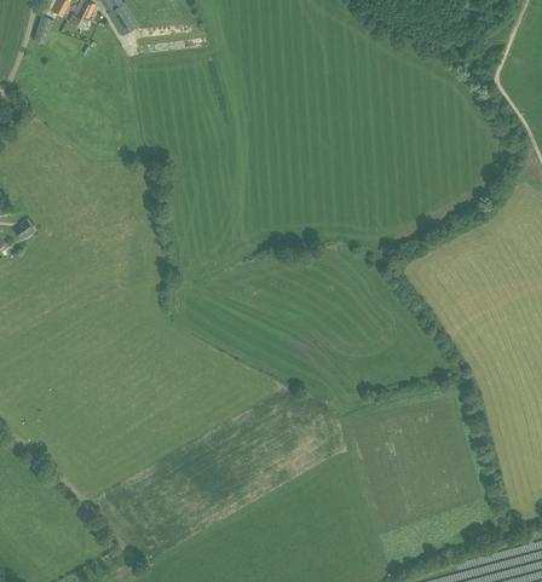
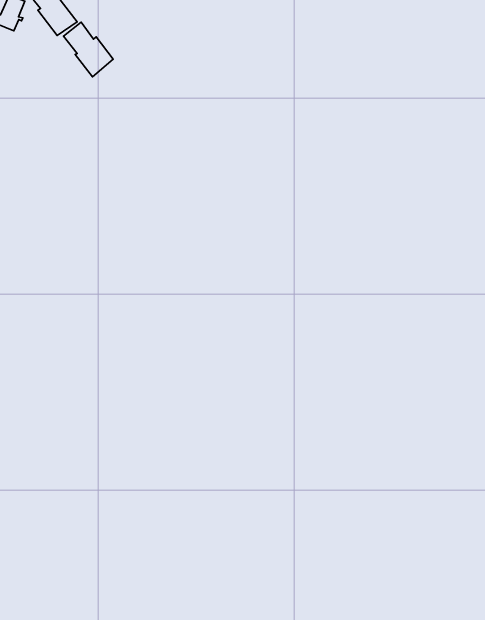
building: none -> [63,22,113,77]

